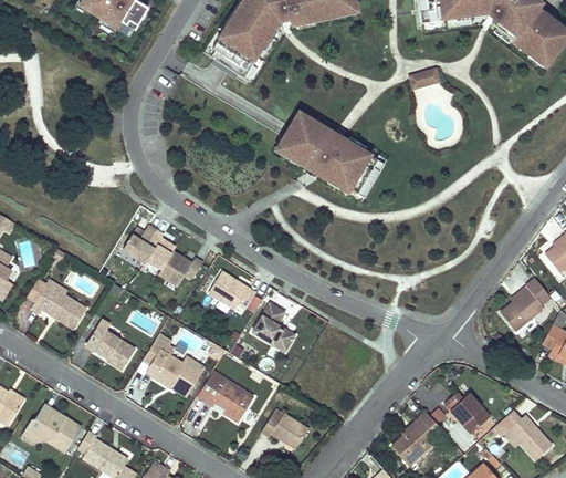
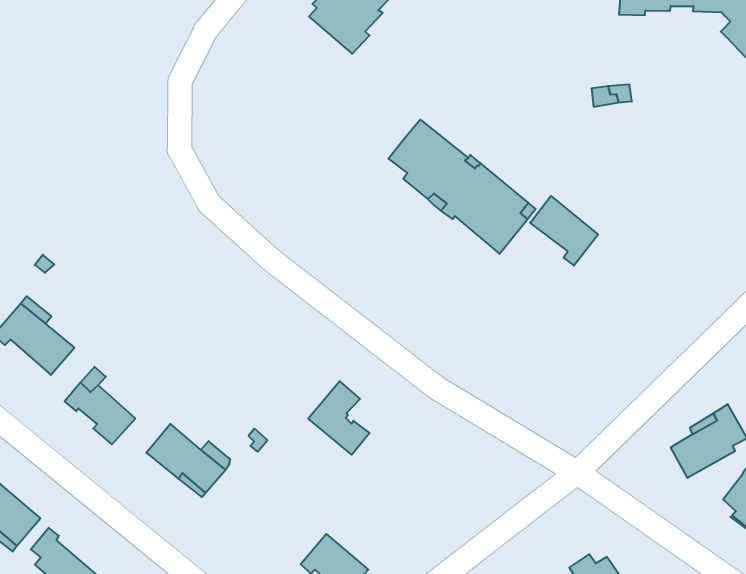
building: none -> [530,196,598,266]
building: [119,225,202,284] -> none
building: [207,269,263,318] -> none
building: [198,370,254,419] -> none

